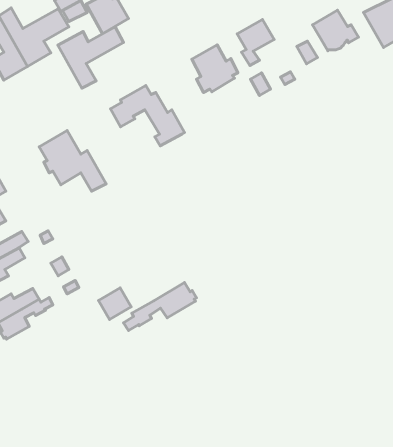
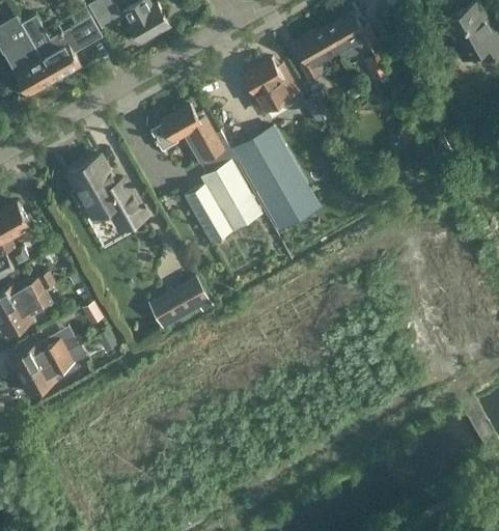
building: [312,10,358,51] -> [325,11,378,58]
building: [58,27,123,88] -> none
building: none -> [233,128,320,229]
building: none -> [184,160,262,243]
building: [123,283,196,330] -> none
building: [99,288,131,319] -> [162,283,199,319]

